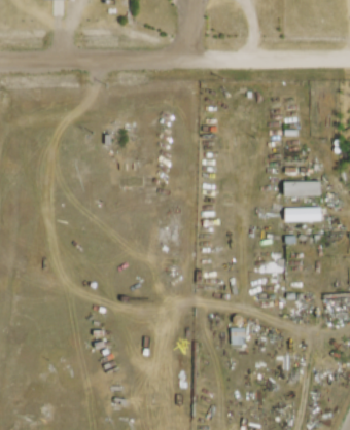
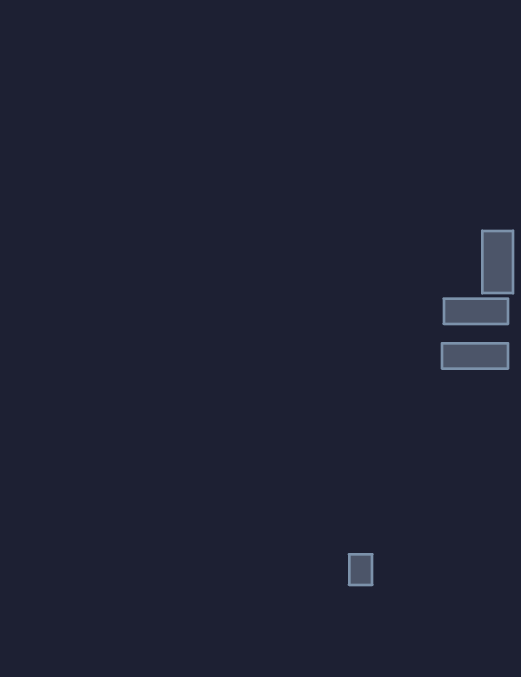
building: none -> [482,231,513,293]

